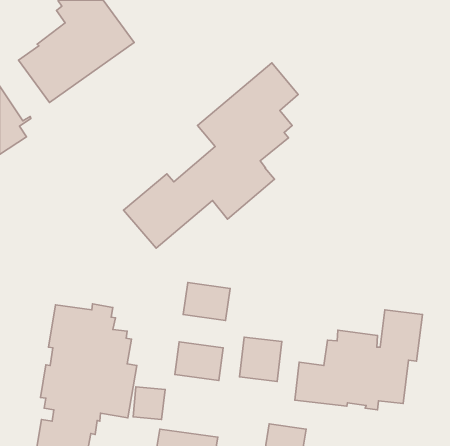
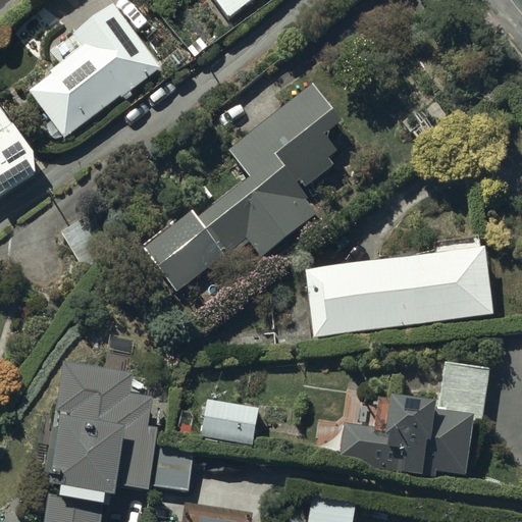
building: none -> [305,246,491,338]
building: [183,283,230,321] -> none
building: [239,337,282,381] -> none

